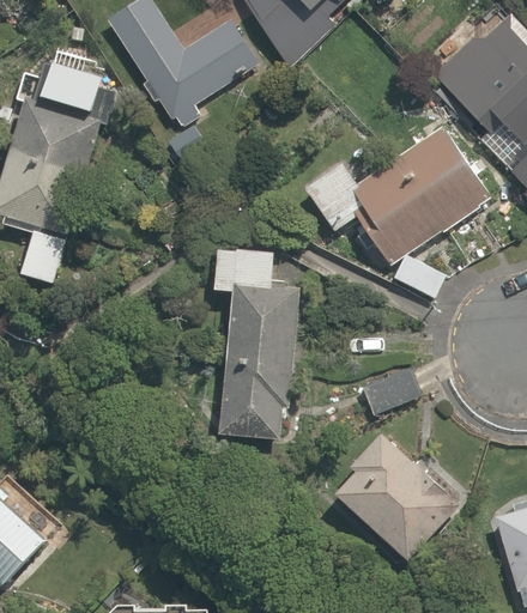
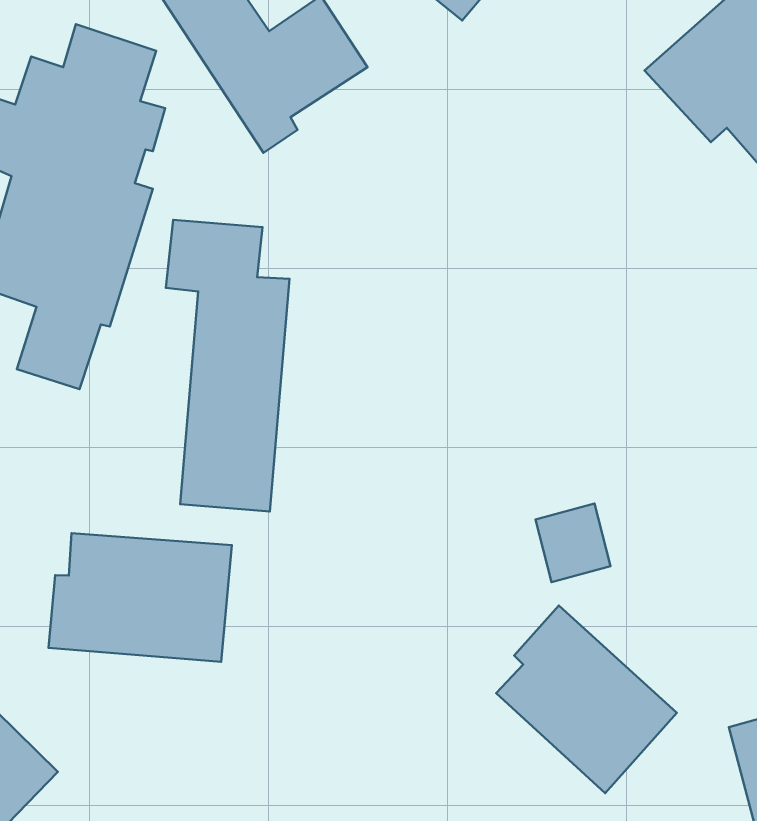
building: [304,122,490,302] -> none
building: [220,254,303,449] -> [166,220,289,511]
building: none -> [49,533,232,662]

